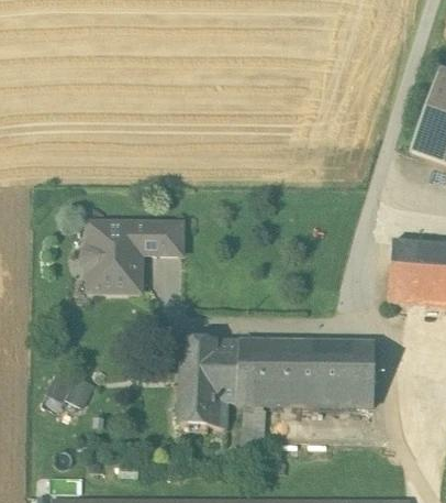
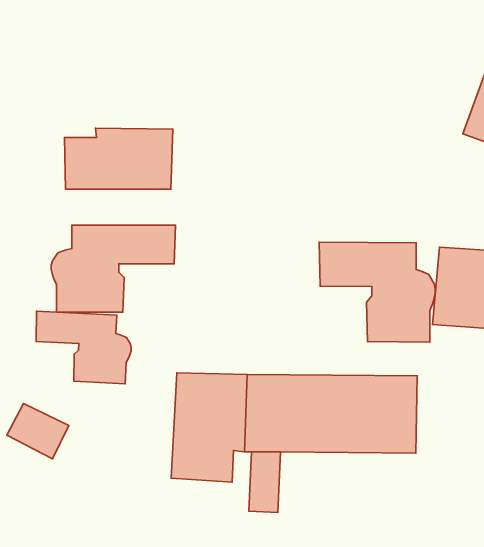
building: none -> [65,128,173,189]
building: none -> [319,242,435,342]
building: none -> [36,311,131,384]

